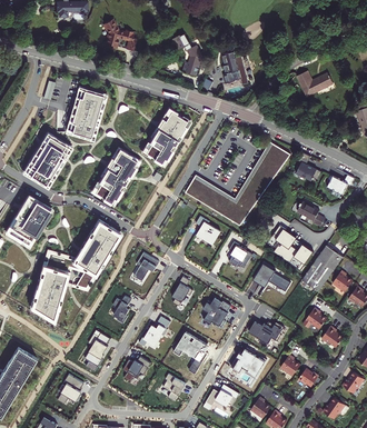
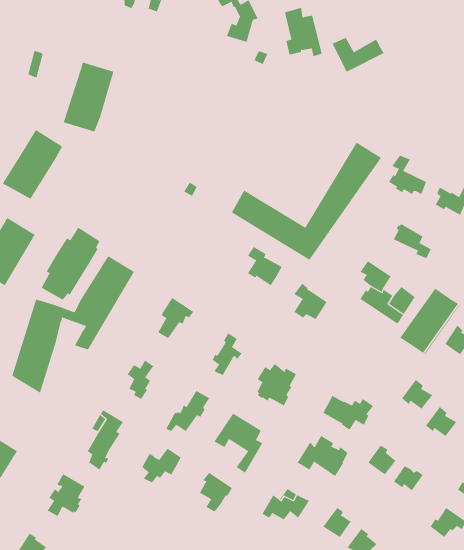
building: [297,71,334,96] -> [332,37,385,72]
building: [145,111,187,162] -> none
building: [95,150,136,201] -> [41,227,100,300]
building: [252,262,290,290] -> none

